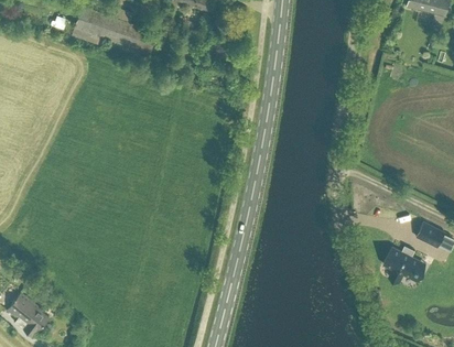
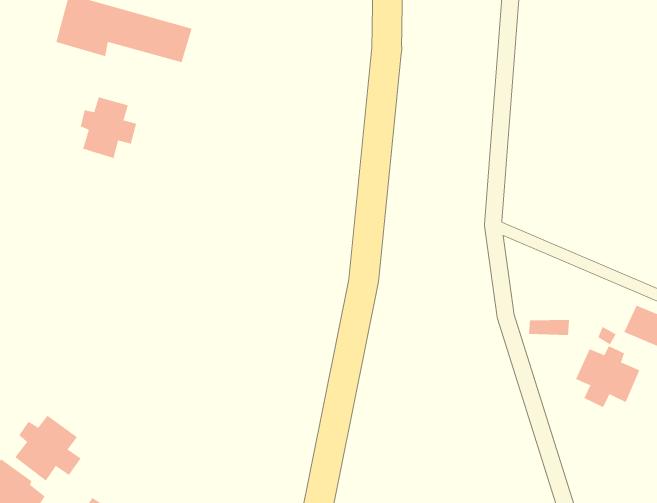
building: none -> [80,96,137,159]
building: none -> [14,415,81,481]

